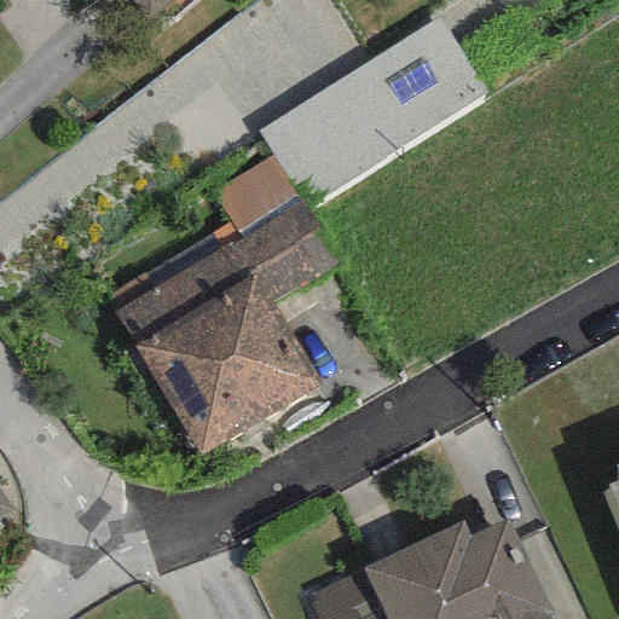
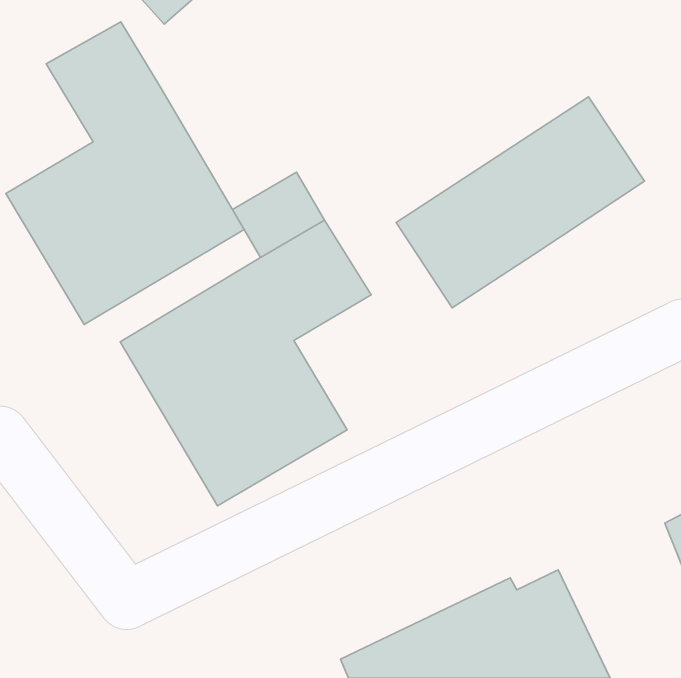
building: [264,16,488,207] -> [396,97,645,308]
building: none -> [6,22,244,324]

